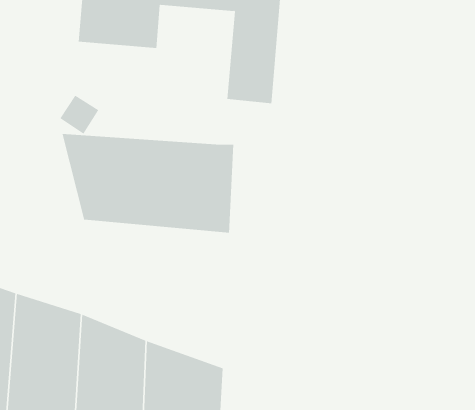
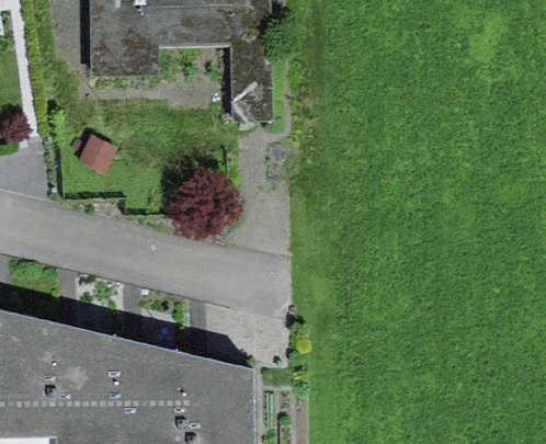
building: [62,133,234,234] -> none

